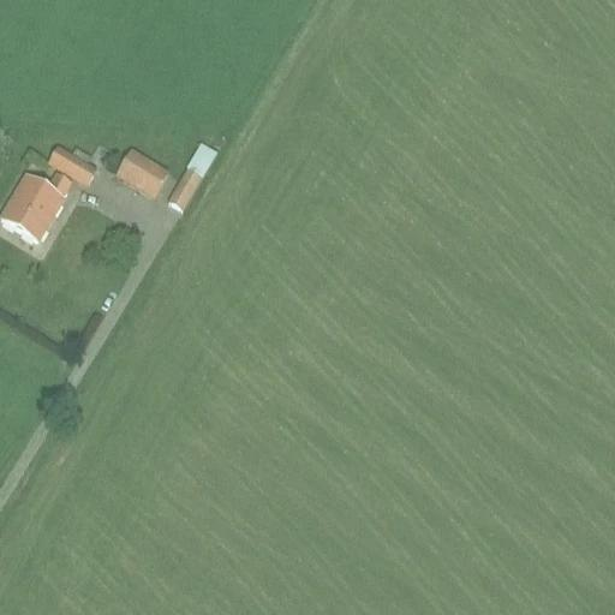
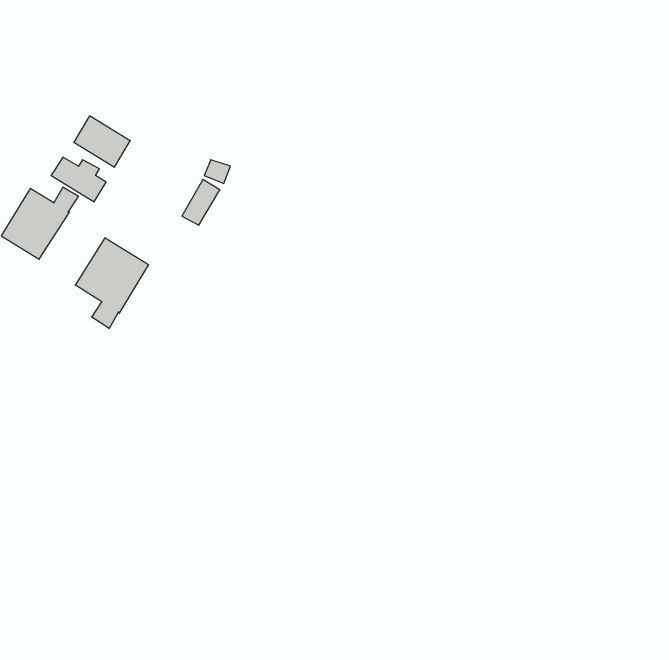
building: [117,149,168,196] -> [74,116,130,167]
building: none -> [75,238,148,329]

